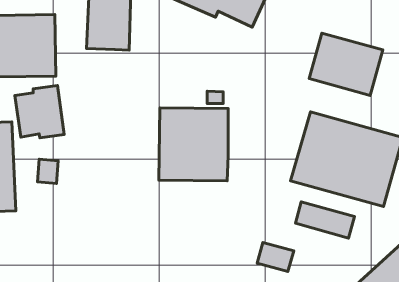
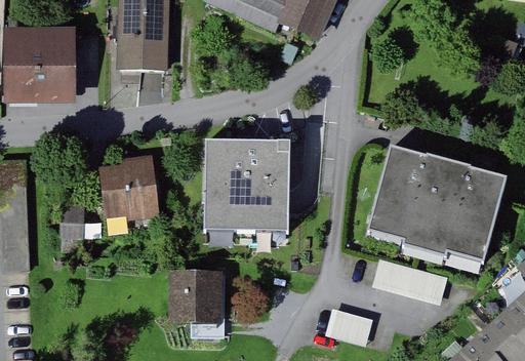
building: [309,33,383,96] -> none
building: [15,85,64,138] -> [97,155,158,219]
building: none -> [168,272,223,322]

